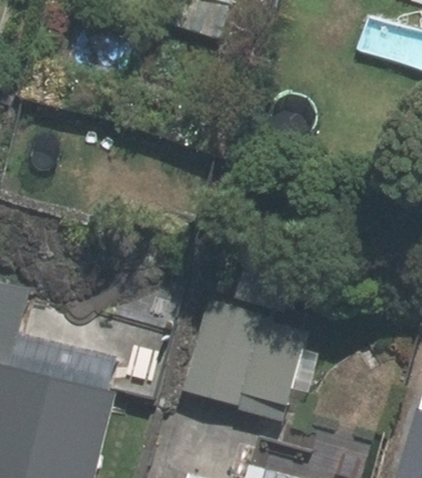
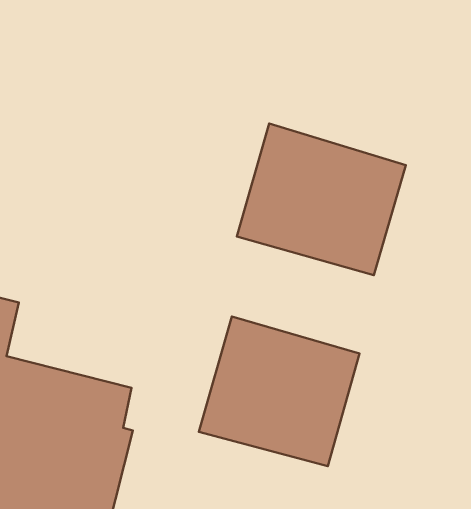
building: none -> [237,123,406,275]

